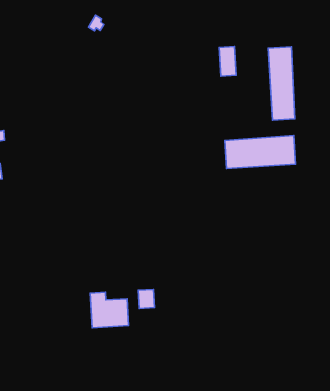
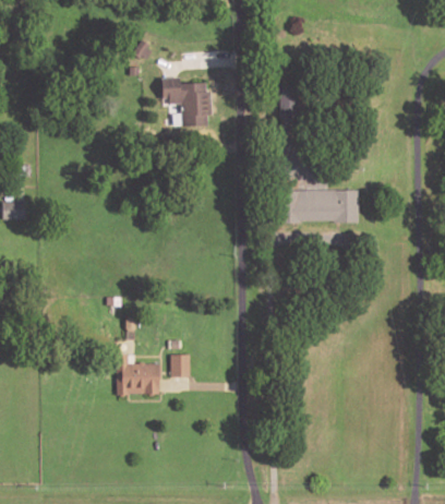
building: none -> [161,77,213,127]
building: [268,47,295,120] -> none

